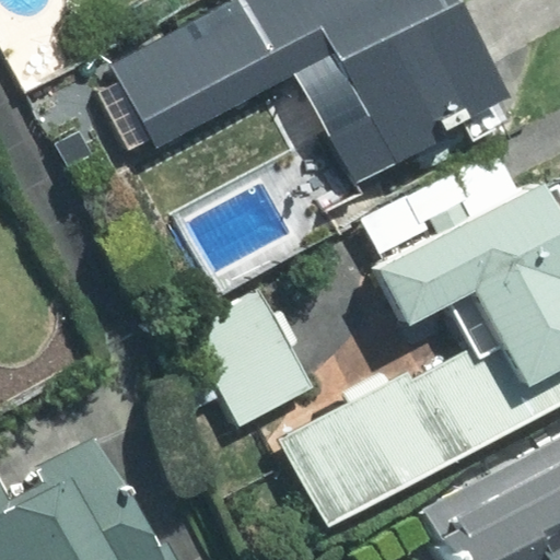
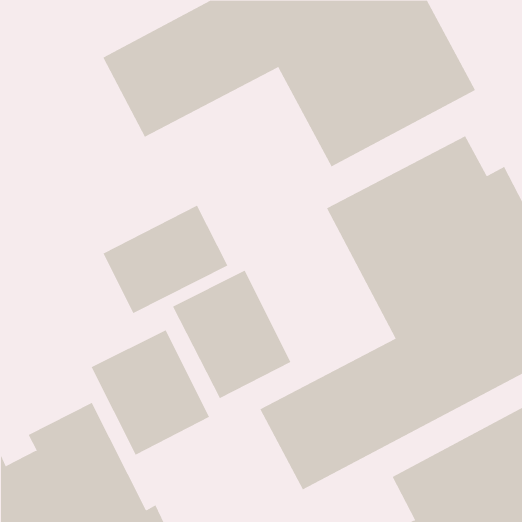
building: none -> [103,205,228,314]
building: none -> [91,329,210,456]

